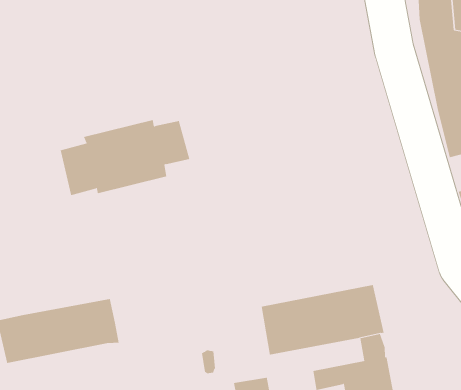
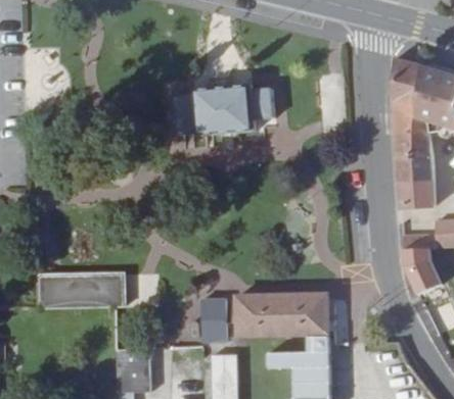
building: [60,119,190,196] -> [177,87,274,136]
building: none -> [203,307,227,343]

